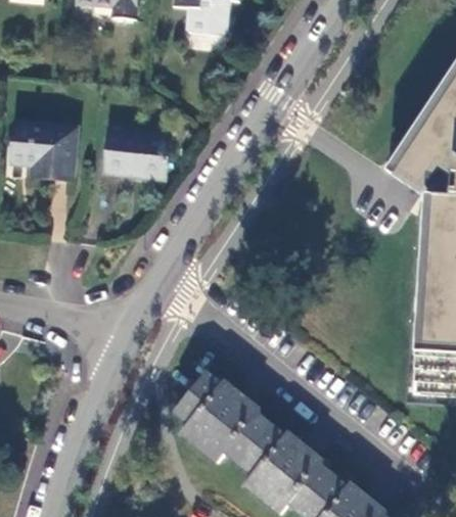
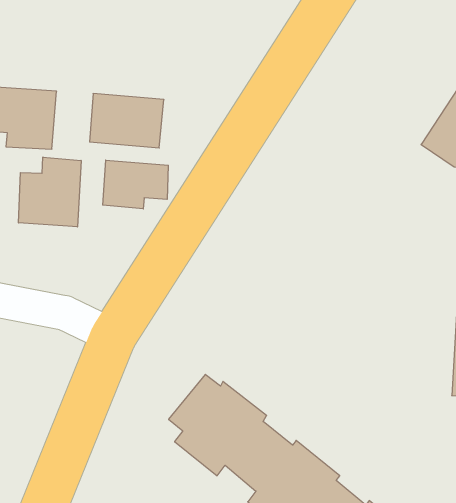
building: none -> [19,157,81,227]
building: none -> [103,160,168,209]

